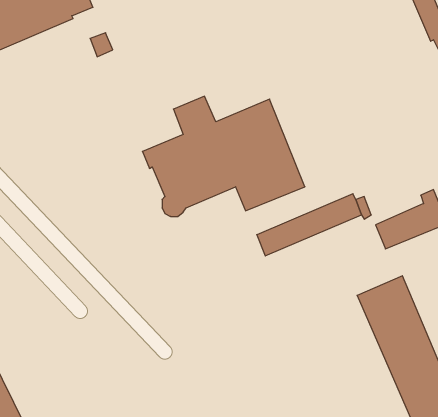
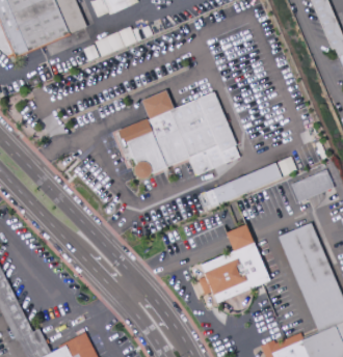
building: none -> [199,225,271,304]

